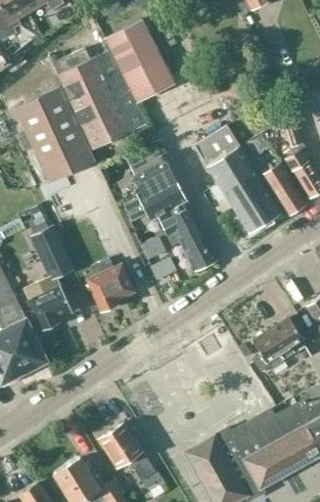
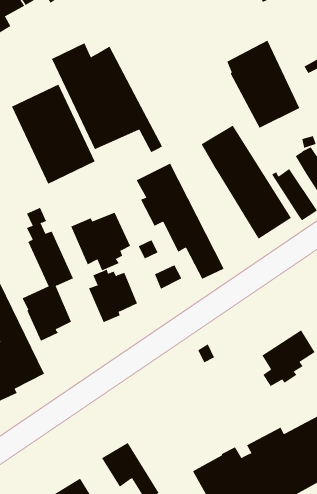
building: [105,18,175,102] -> [227,40,300,129]
building: none -> [70,212,131,271]

